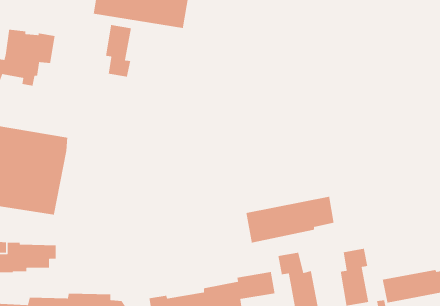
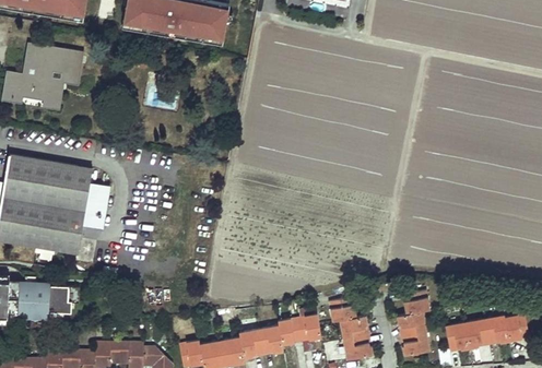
building: [105,24,132,78] -> none
building: none -> [85,182,111,228]
building: [245,196,334,243] -> none

